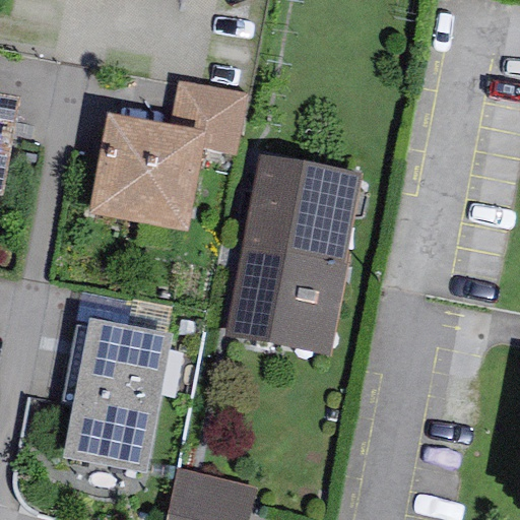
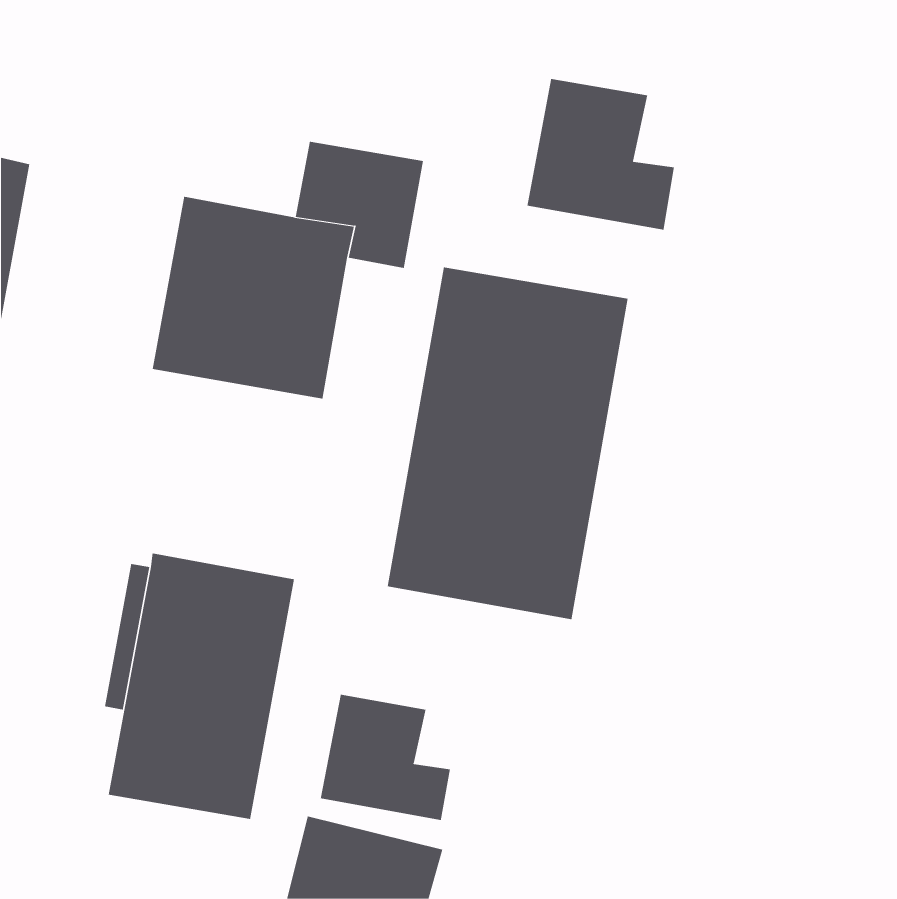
building: none -> [527,78,675,230]
building: none -> [320,694,450,821]

